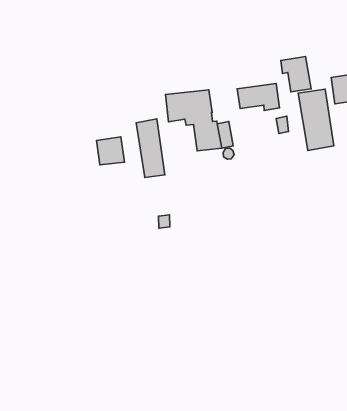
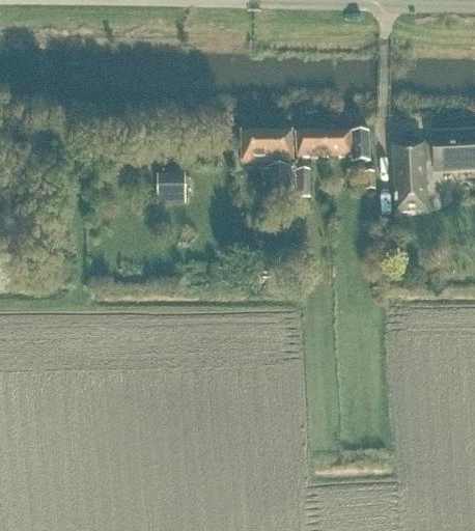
building: [281,57,311,92] -> none
building: none -> [298,131,326,153]
building: [136,119,165,178] -> none

